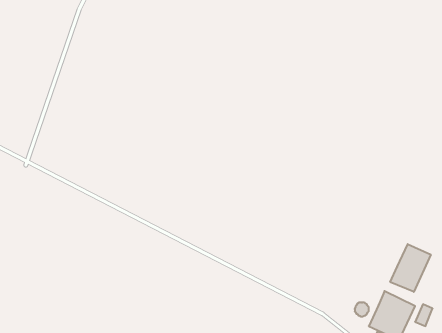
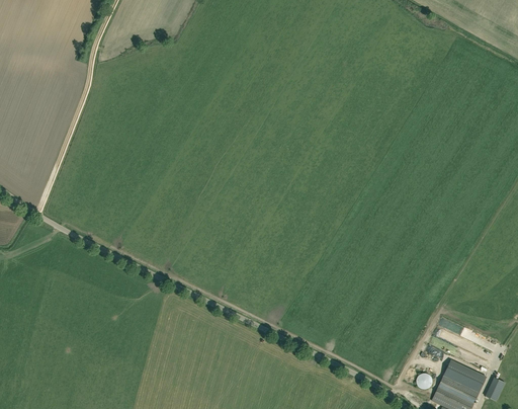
building: [390,244,431,292] -> none

